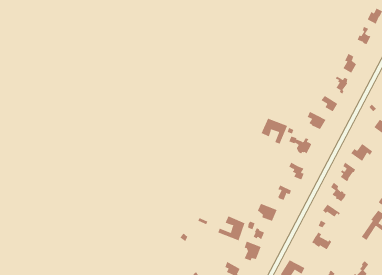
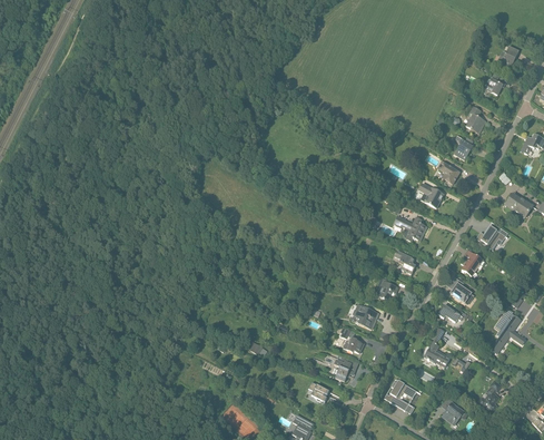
building: [261,118,288,145] -> none
building: [218,216,245,241] -> none

